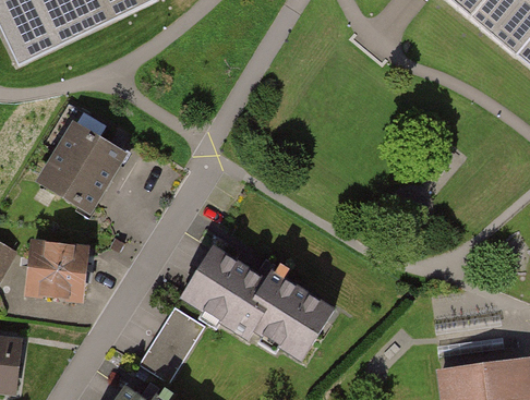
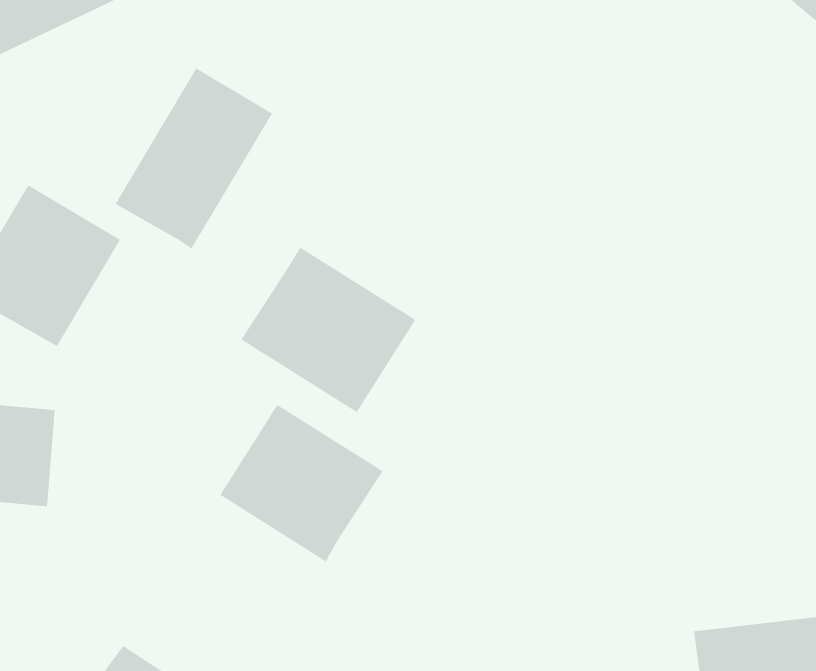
building: none -> [115,68,273,250]
building: [234,269,332,361] -> [241,247,416,413]
building: [136,304,206,383] -> none

